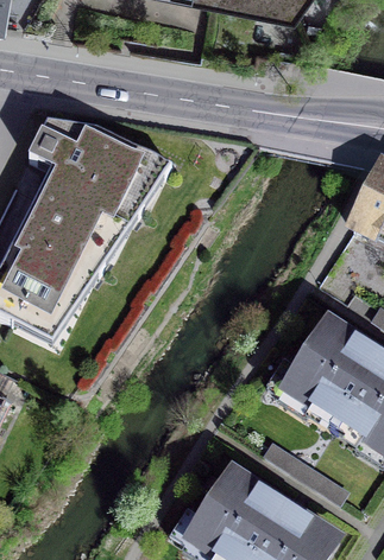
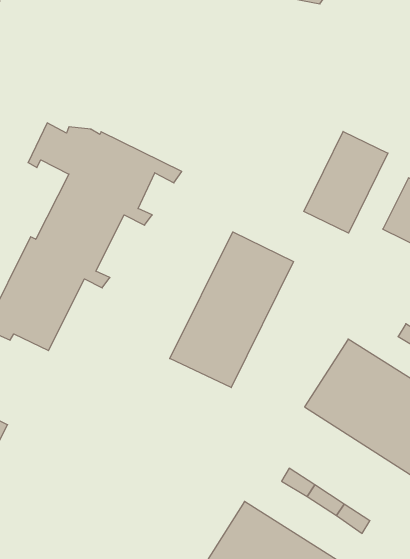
building: none -> [304,131,388,233]
building: none -> [170,232,293,388]

